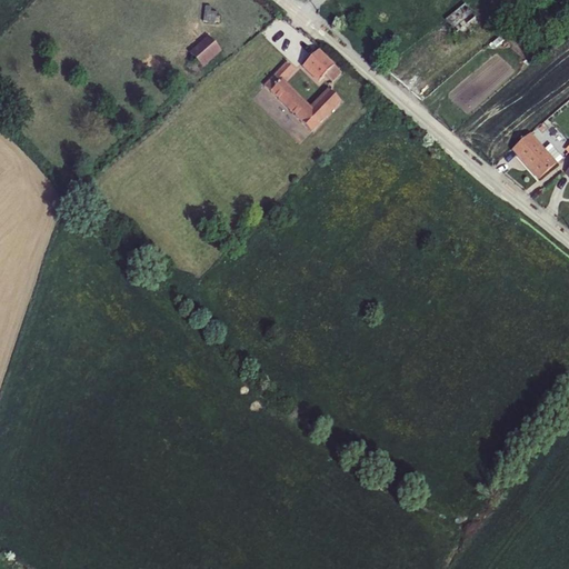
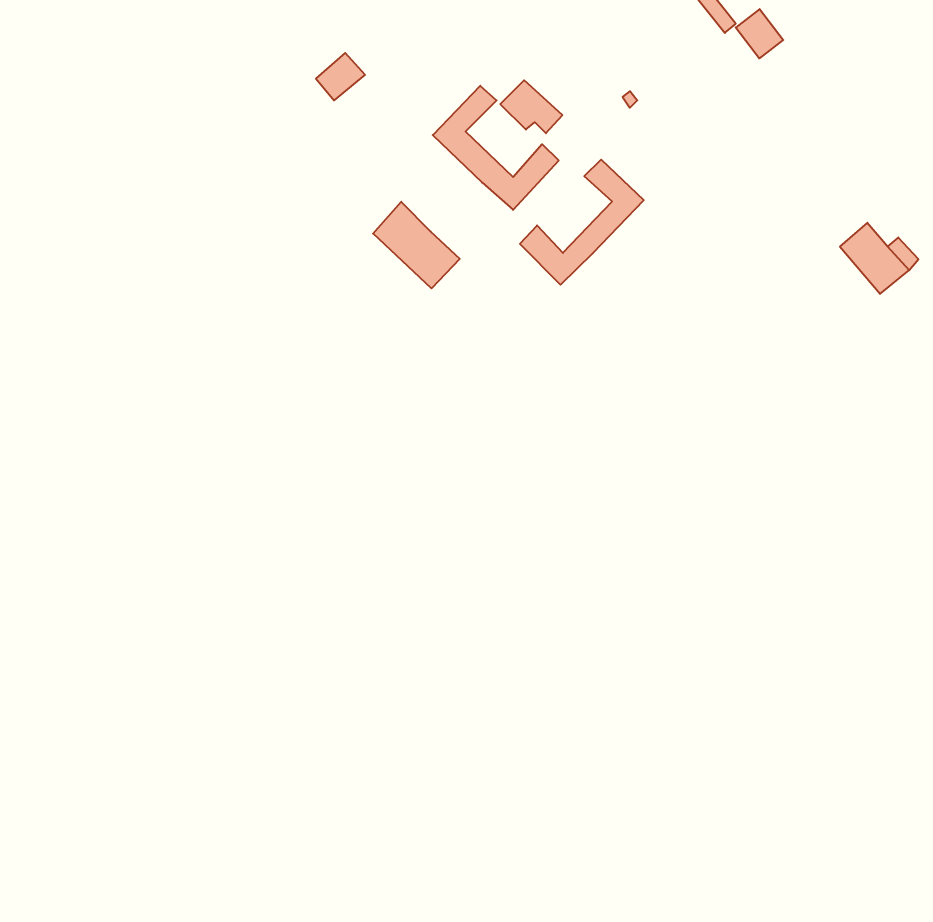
building: none -> [520,160,644,285]
building: none -> [373,202,460,288]

